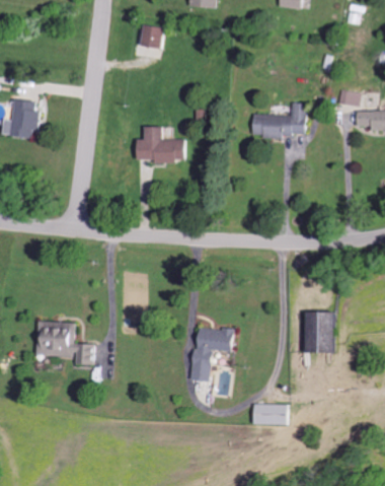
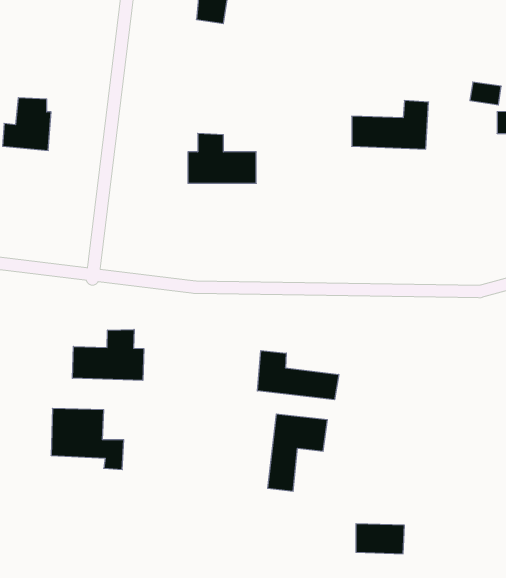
building: none -> [72,329,144,380]
building: none -> [257,351,339,400]
building: [307,313,335,353] -> none

